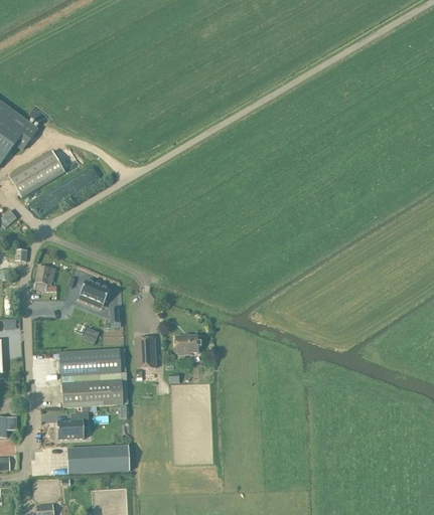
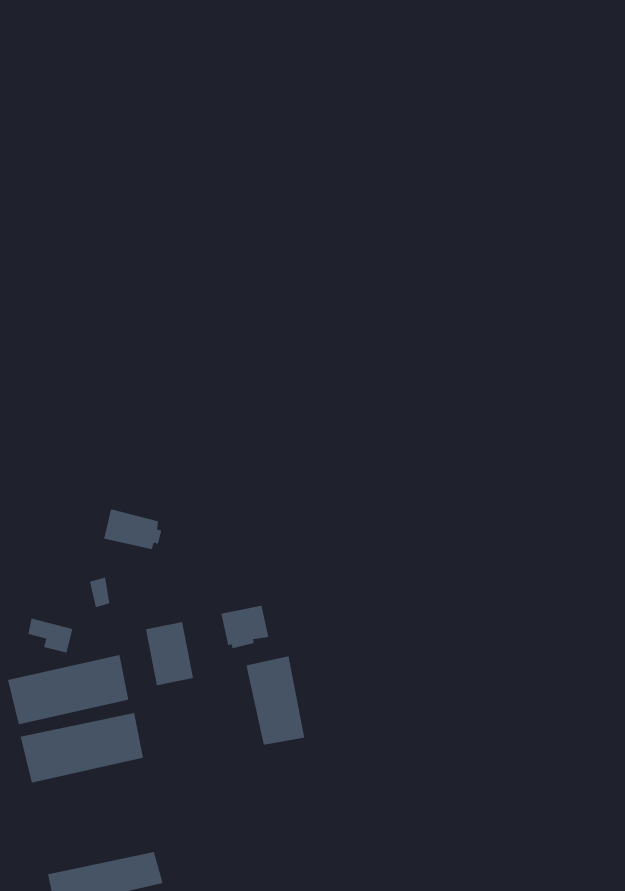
building: [79,279,110,304] -> [103,509,162,551]
building: none -> [246,656,305,745]
building: [56,411,88,439] -> none

